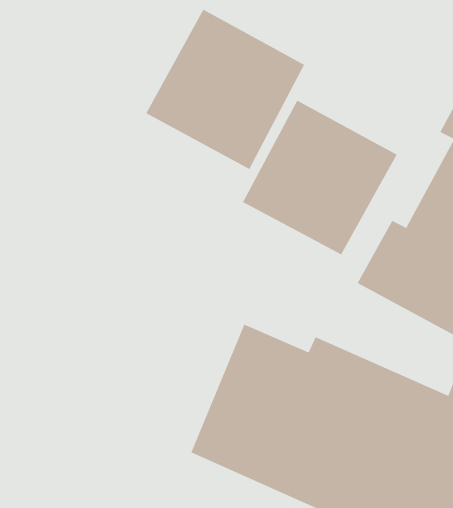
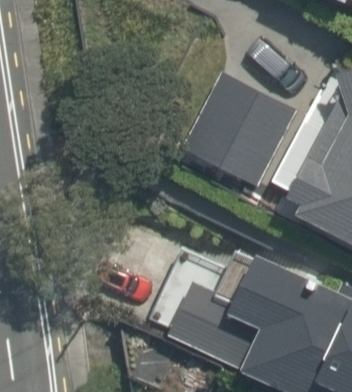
building: [146,9,305,170] -> none

